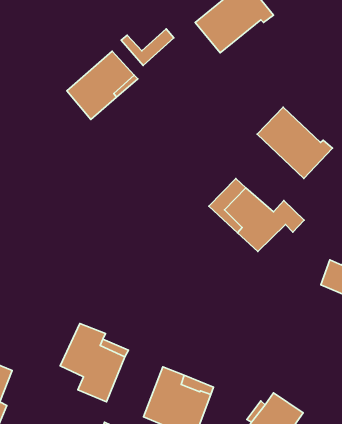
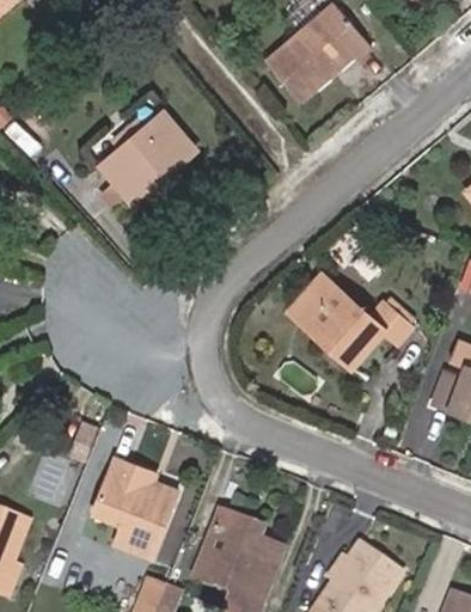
building: [121,29,174,65] -> none
building: [257,107,333,179] -> none

